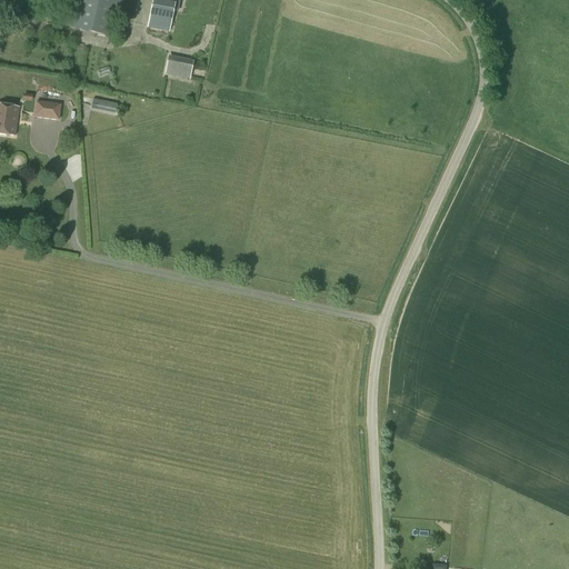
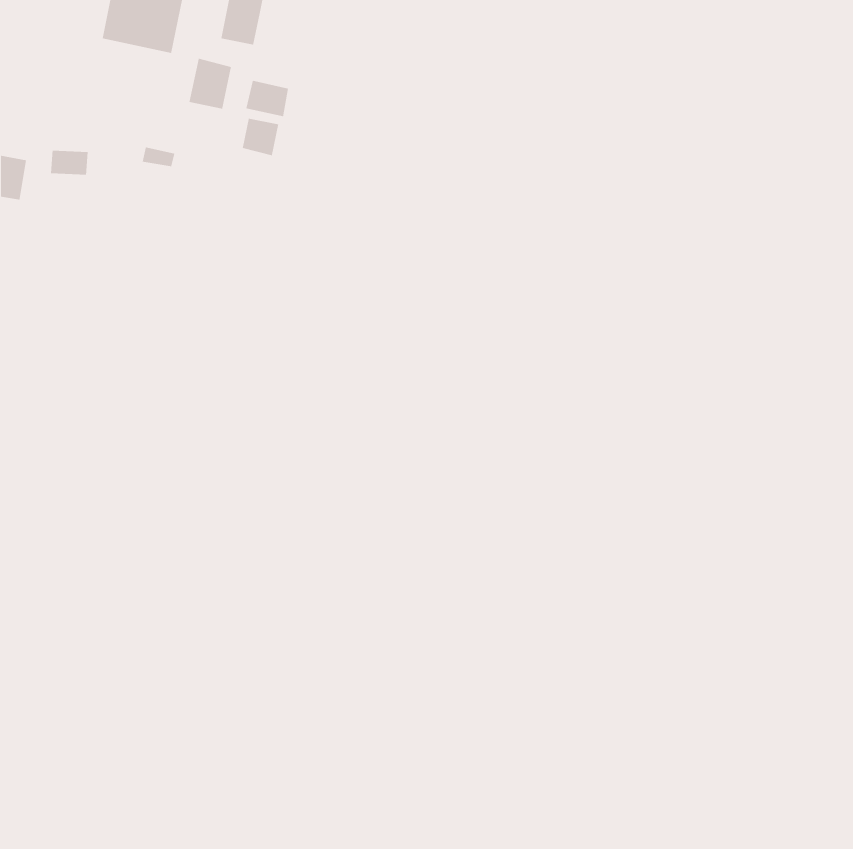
building: none -> [189,58,231,109]
building: none -> [242,118,279,156]

